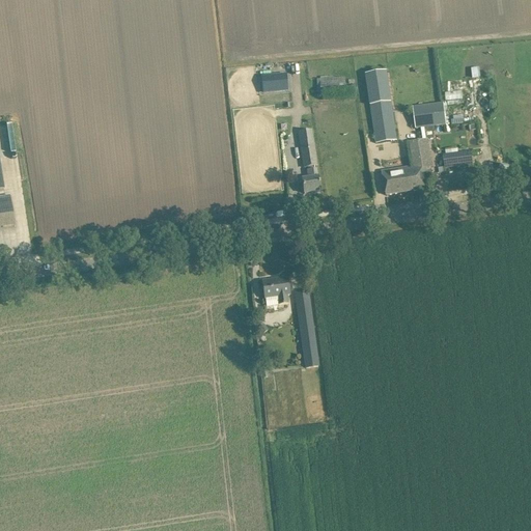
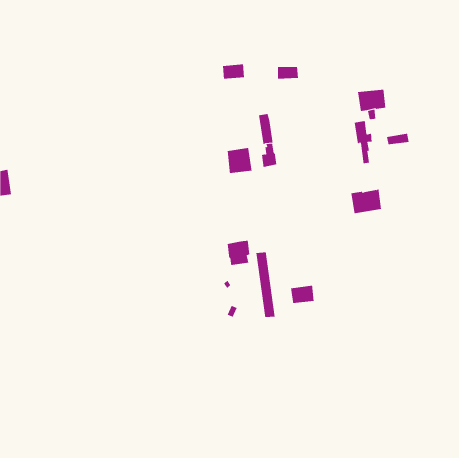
building: [364,67,396,142] -> none
building: [382,165,418,194] -> [350,189,382,214]
building: none -> [227,147,252,174]
building: none -> [290,285,314,304]

